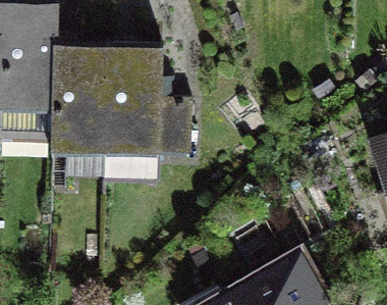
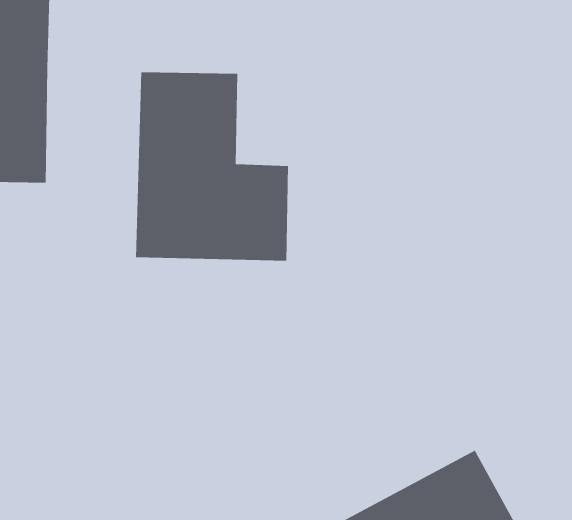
building: [54,46,108,153] -> none

